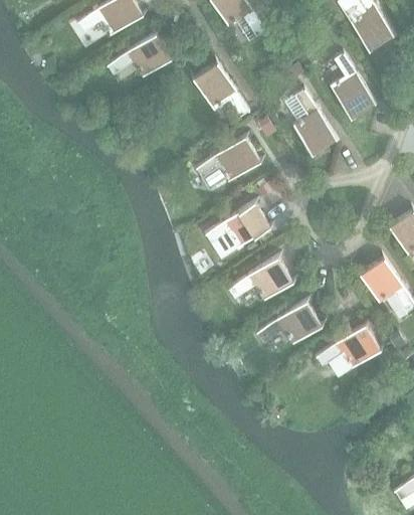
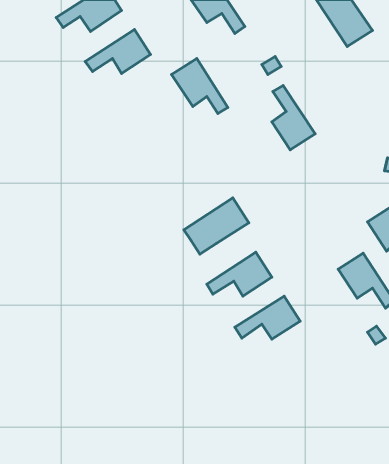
building: [331,53,377,118] -> none
building: [197,136,261,189] -> none
building: [317,324,382,377] -> none

